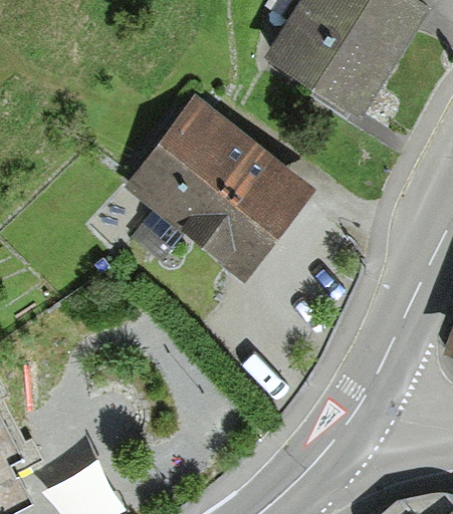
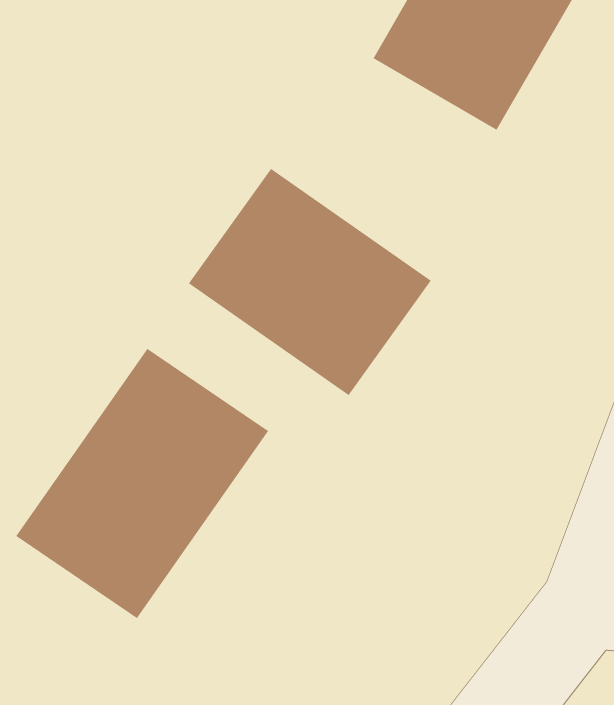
building: none -> [15,348,269,619]

